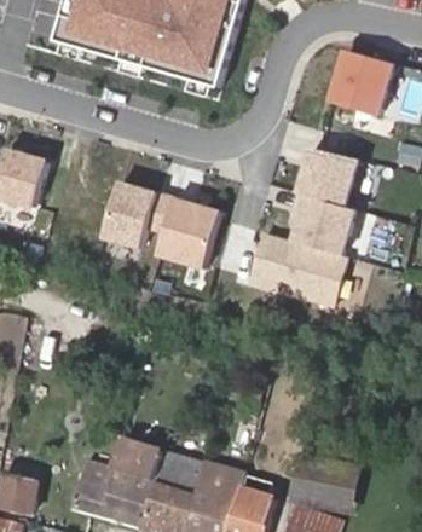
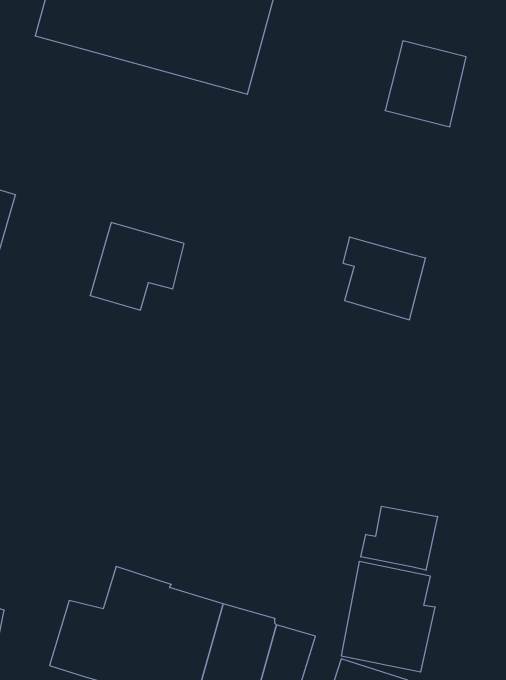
building: [296,144,357,204] -> none
building: [157,196,220,266] -> none
building: [243,229,341,301] -> none
building: none -> [361,506,438,570]

